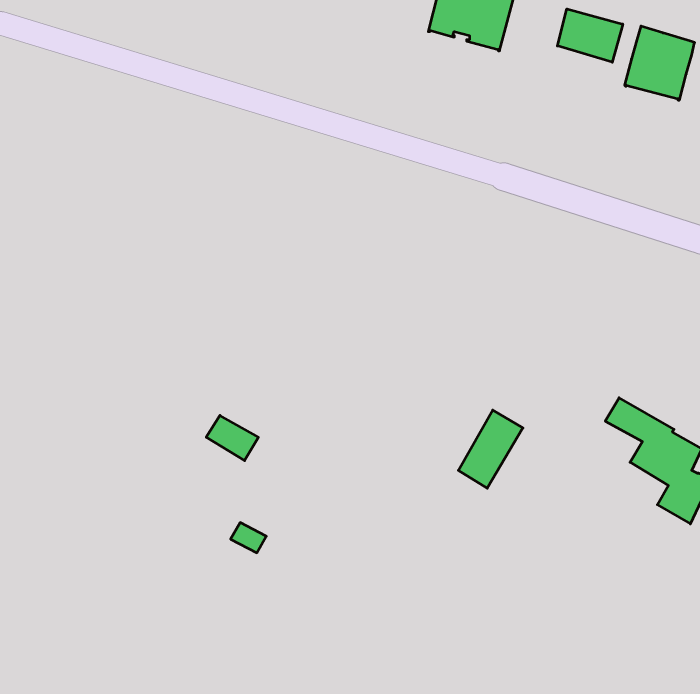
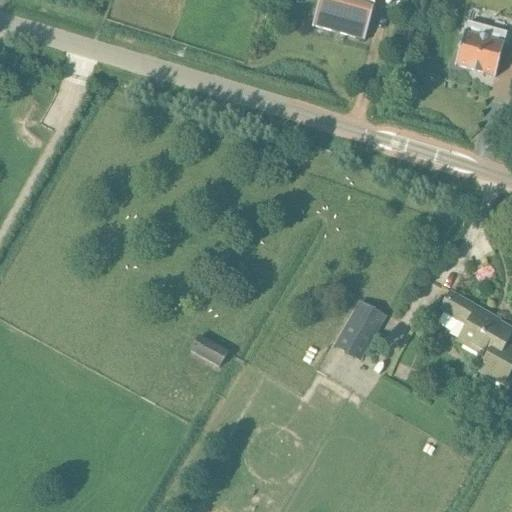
building: [557,9,623,62] -> none
building: [206,415,258,461] -> [191,333,229,366]

